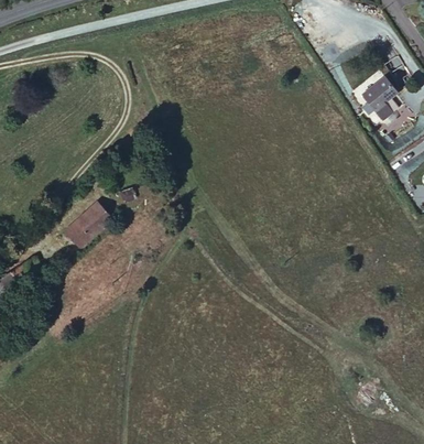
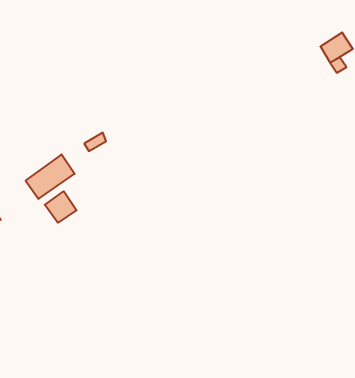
building: none -> [45,191,77,223]

